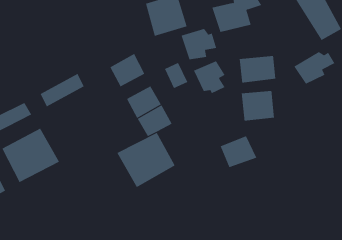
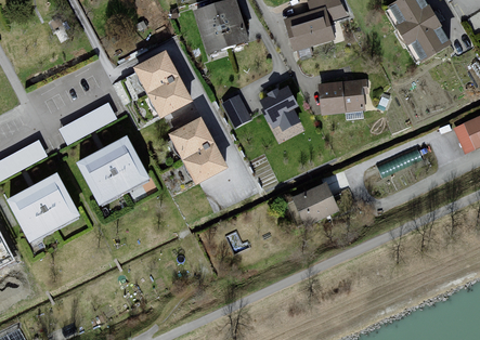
building: [181,28,217,60] -> none
building: none -> [133,51,180,94]
building: [293,51,335,85] -> none
building: [241,90,274,121] -> none
building: [117,132,175,188] -> [75,136,152,209]

